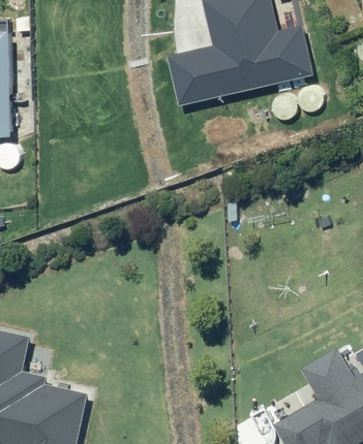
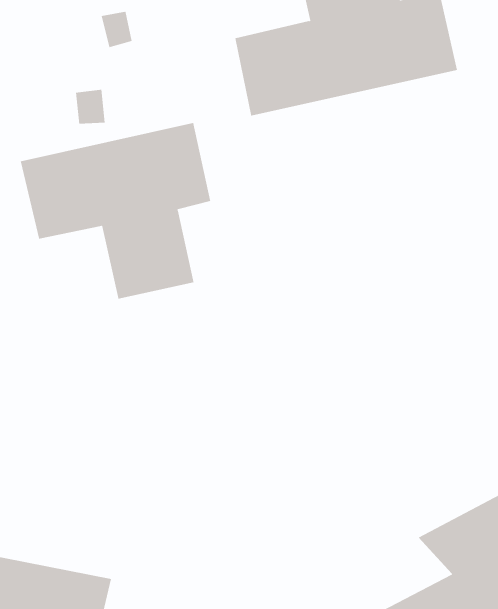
building: none -> [20,122,211,299]

